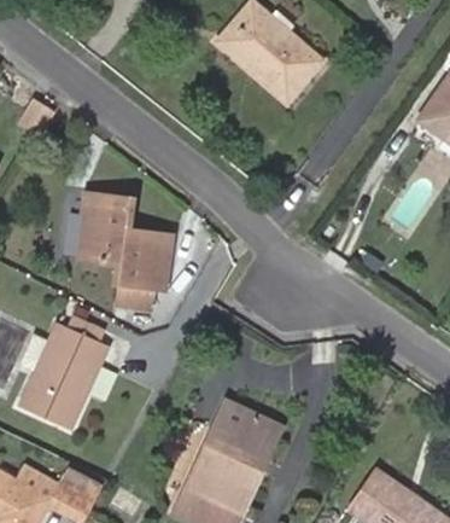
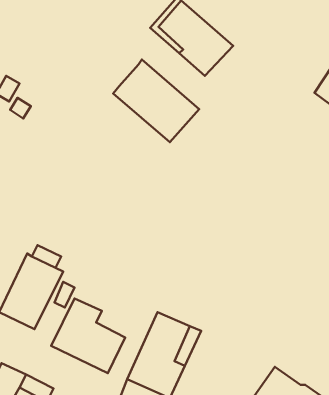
building: none -> [113,59,199,142]
building: [83,196,171,309] -> none
building: none -> [51,298,125,373]

